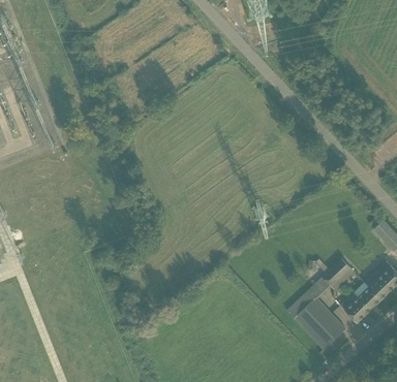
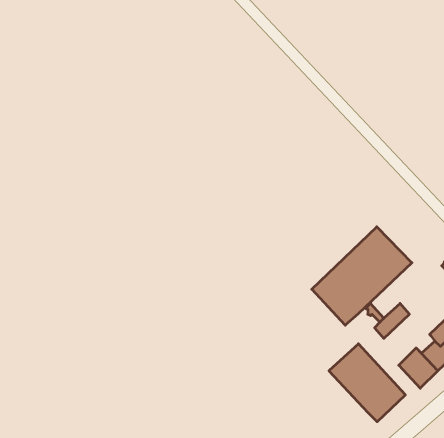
building: none -> [312,227,412,325]

